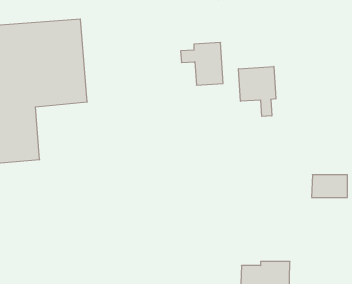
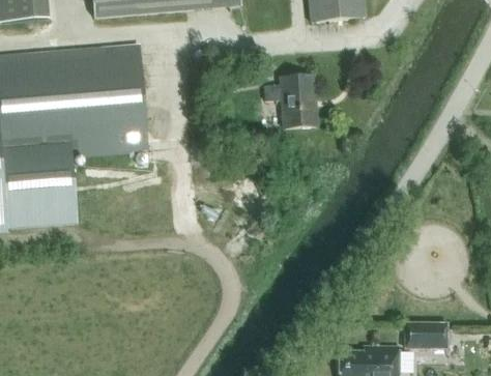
building: [239,66,276,116] -> none
building: [312,175,347,197] -> [403,321,447,349]

